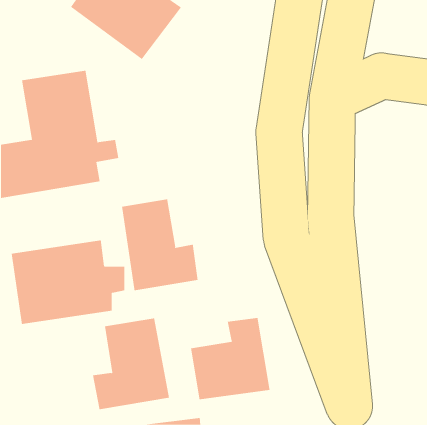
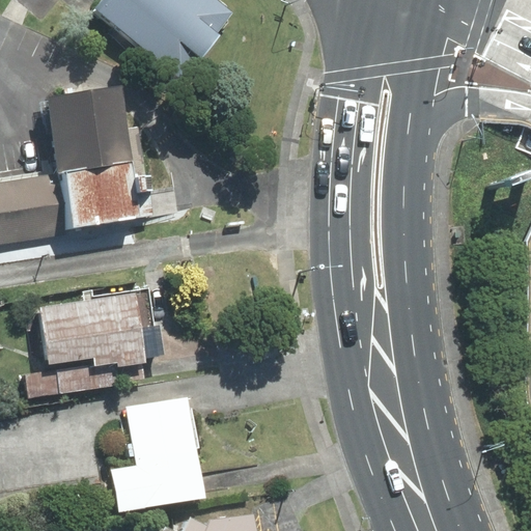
building: [122,198,198,291] -> none
building: [190,317,270,400] -> none

